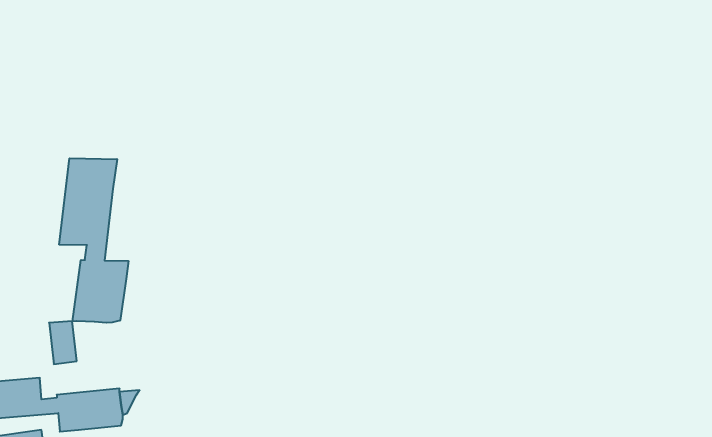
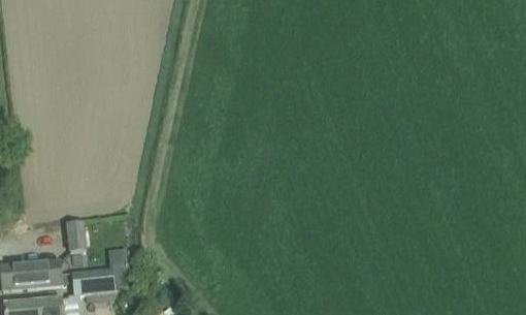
building: [59,158,128,323] -> none

